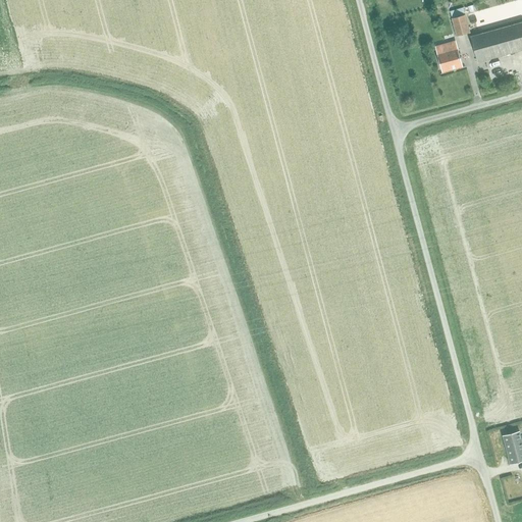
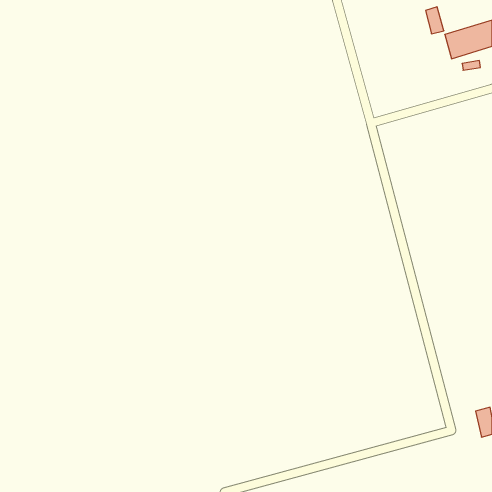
building: [437,49,462,72] -> none

